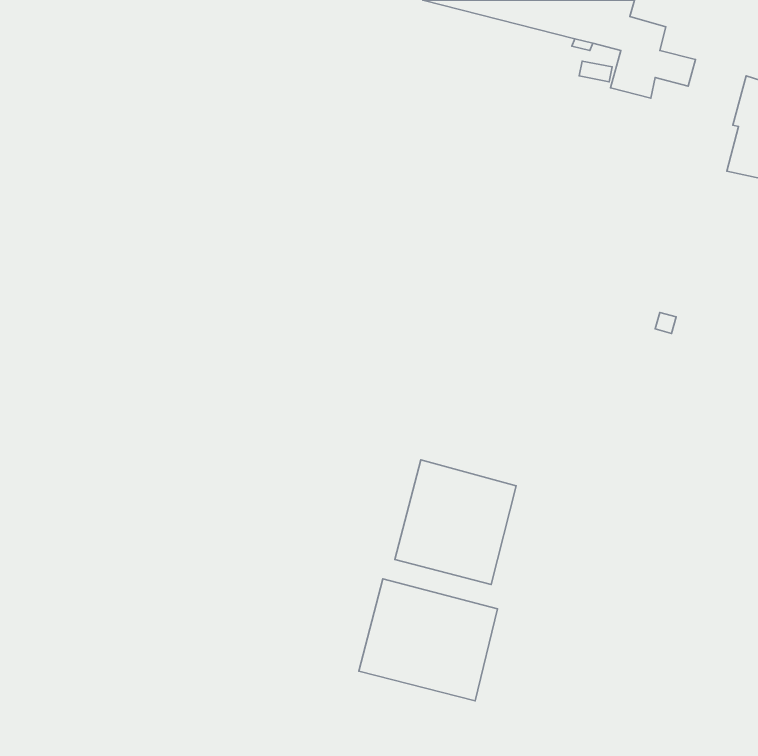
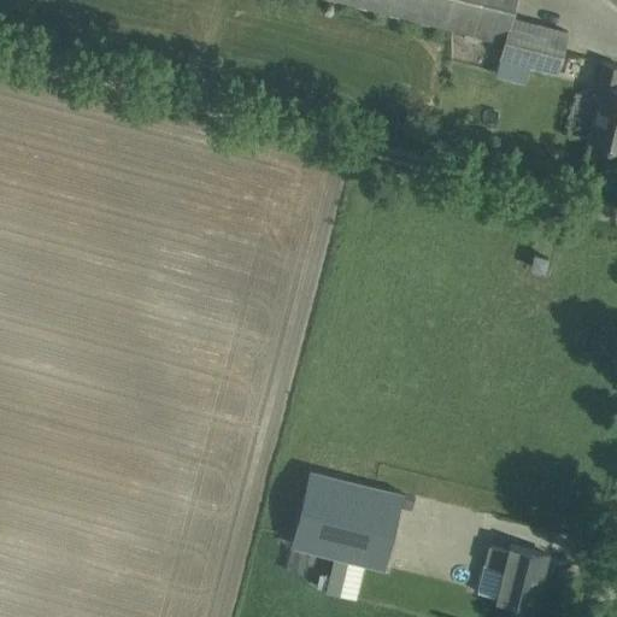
building: [395,460,516,584] -> none
building: none -> [480,547,550,609]

